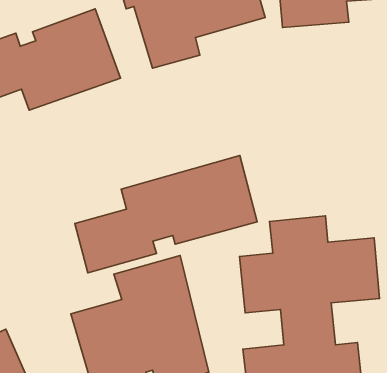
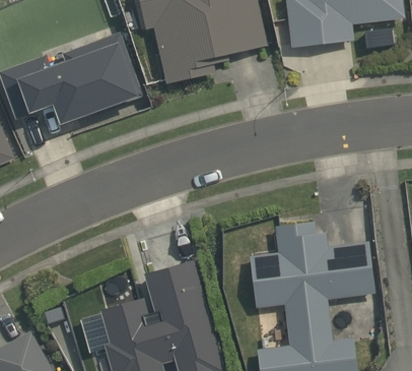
building: [75,156,257,273] -> none

